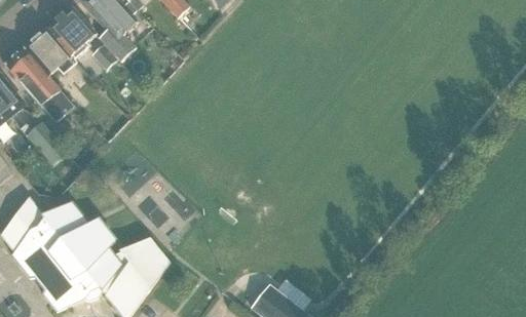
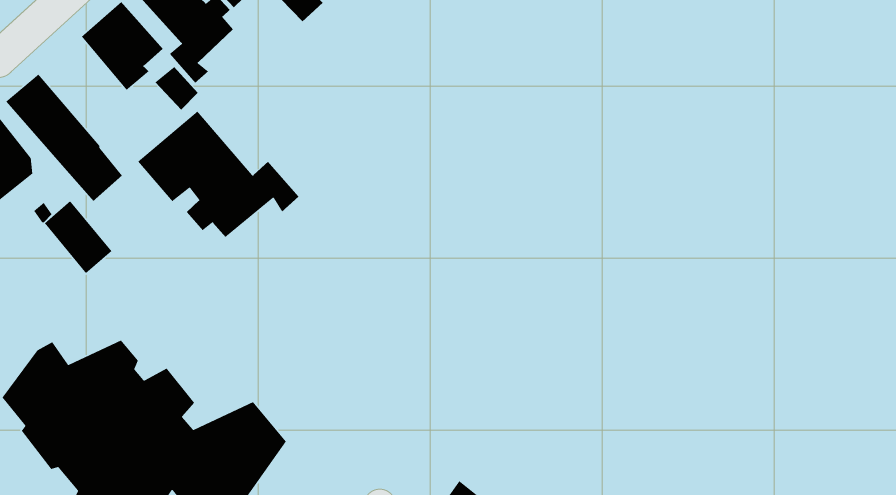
building: [25,26,75,74] -> none
building: none -> [137,111,300,238]

